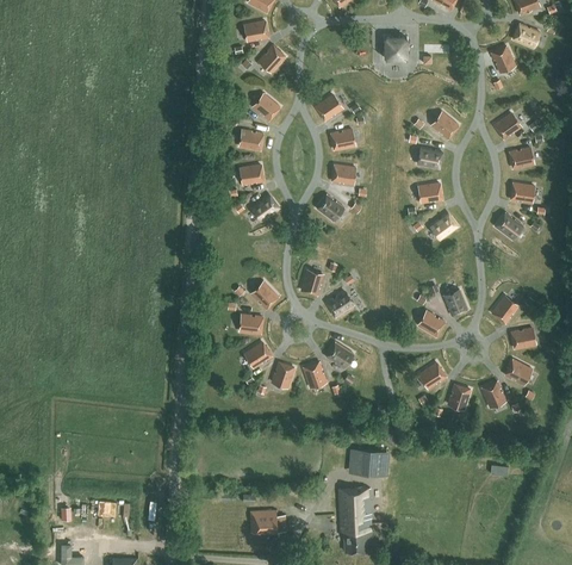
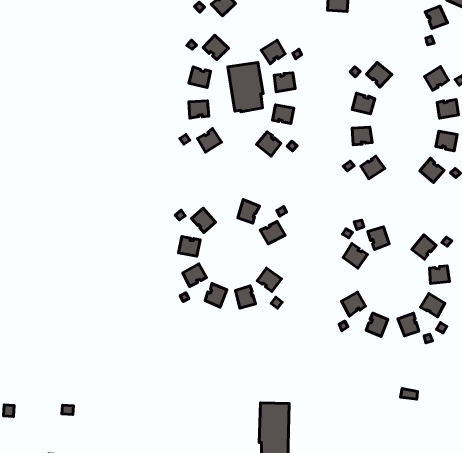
building: none -> [228,62,263,112]
building: [350,447,388,473] -> none
building: [249,509,285,533] -> none

